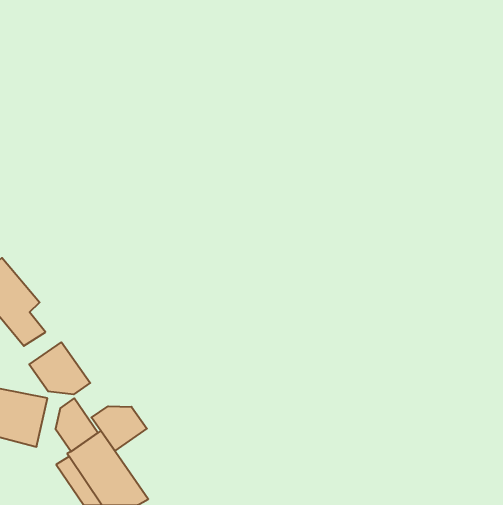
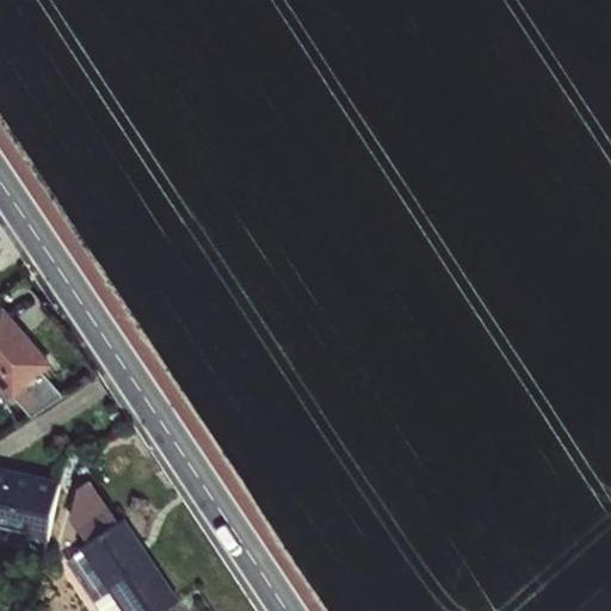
building: [29,342,90,394] -> none
building: [91,406,147,451] -> none

